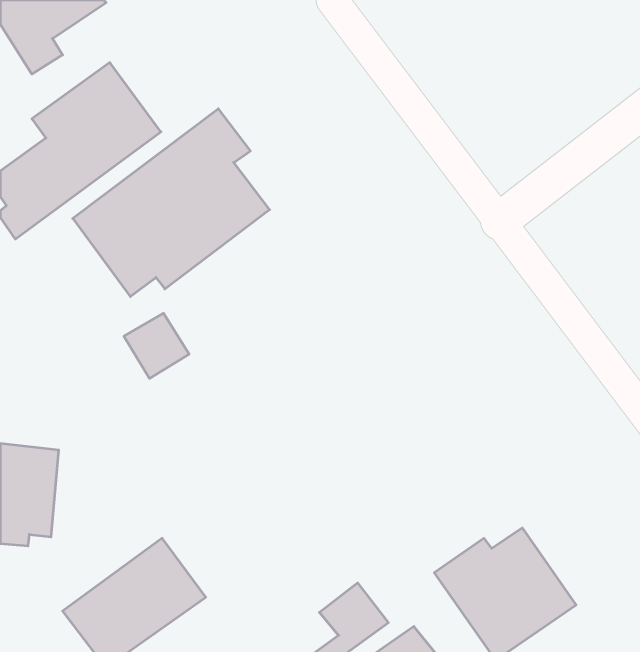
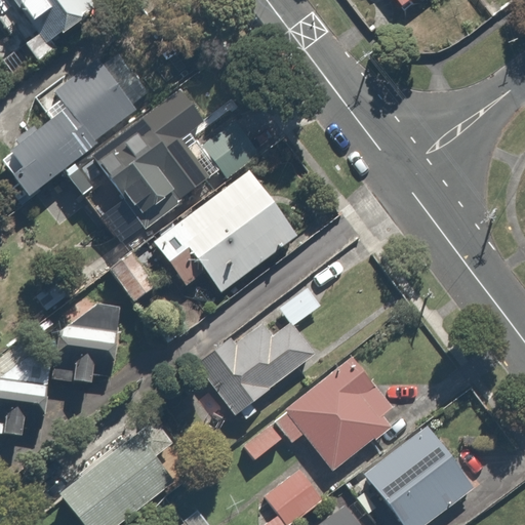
building: none -> [155,171,296,292]
building: none -> [200,283,326,414]
building: none -> [57,298,124,383]
building: none -> [242,359,399,471]

